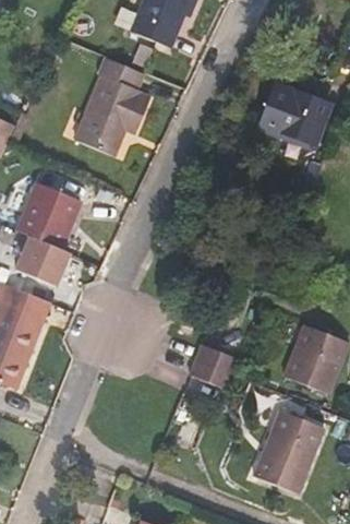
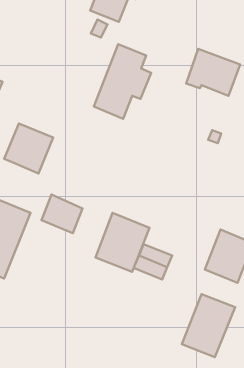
building: [75,57,152,156] -> [94,44,151,119]
building: [16,235,71,286] -> [42,195,83,233]
building: none -> [96,213,150,272]

